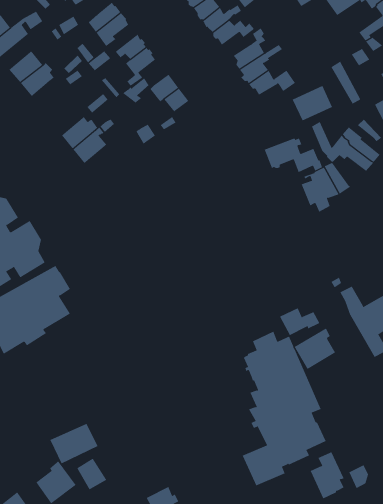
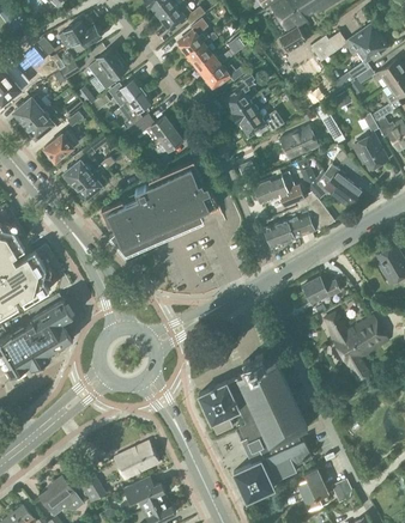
building: none -> [44,129,79,162]
building: none -> [101,159,218,249]
building: none -> [264,218,296,248]
building: [279,308,320,336] -> [302,276,340,303]
building: [294,327,336,370] -> none
building: none -> [198,378,247,433]
building: [50,423,98,464] -> [114,442,159,480]
building: none -> [123,479,164,510]

